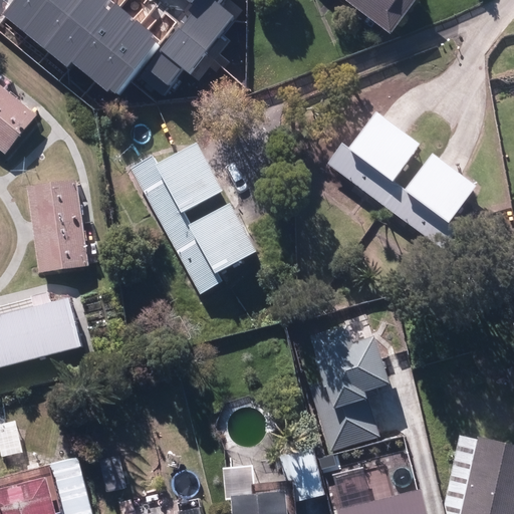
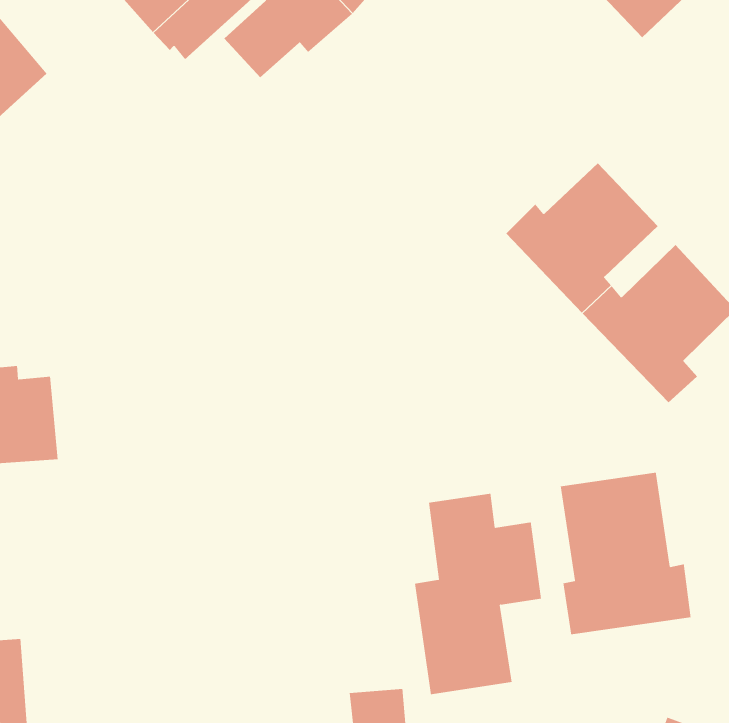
building: [132,143,257,294] -> none
building: [29,181,87,272] -> none
building: none -> [560,472,691,635]

